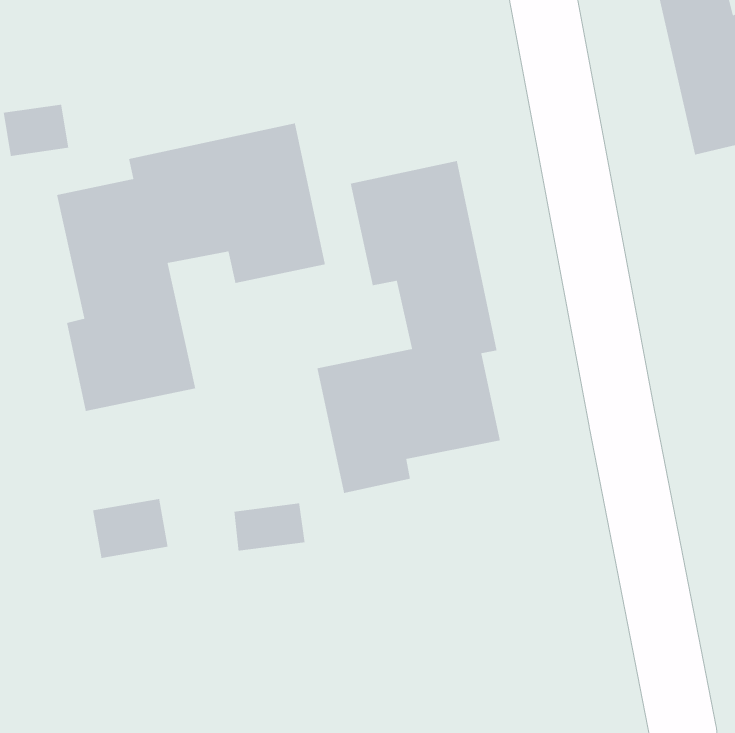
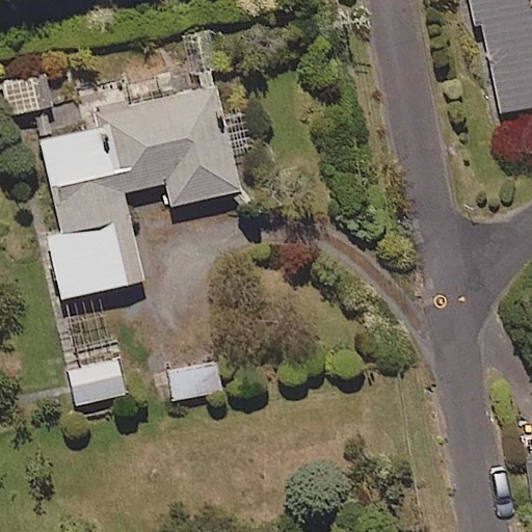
building: [316,160,501,494] -> none

